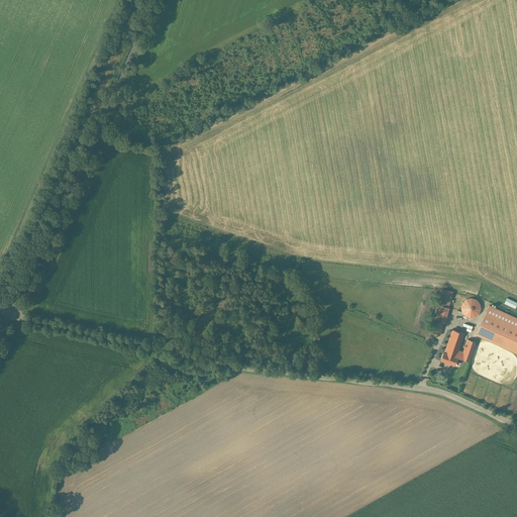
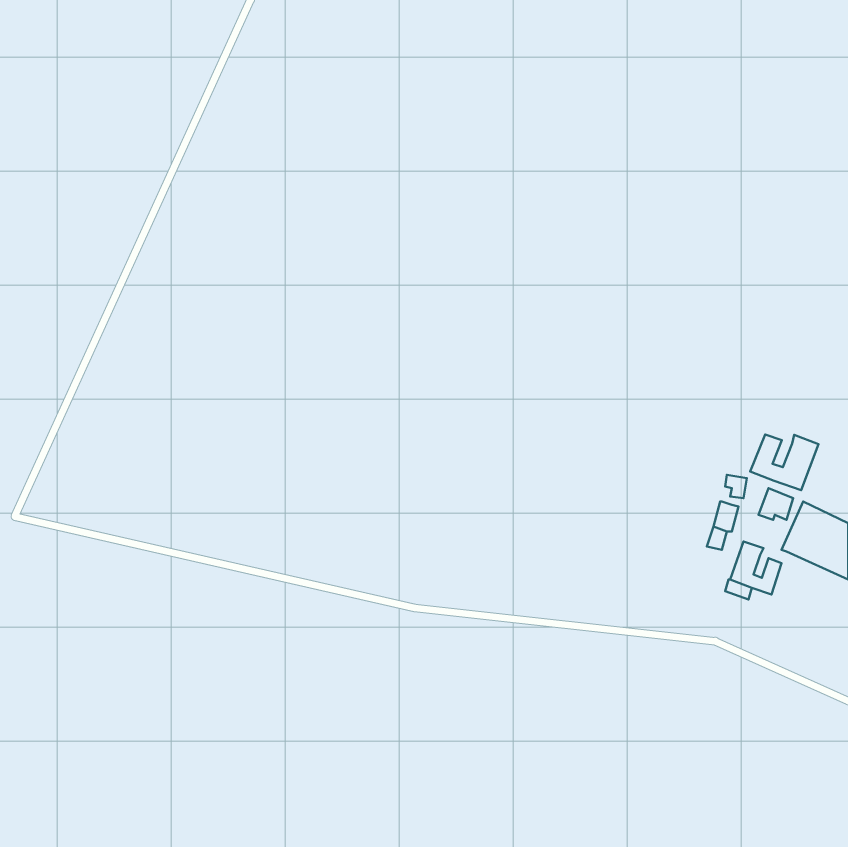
building: none -> [750,434,818,490]

